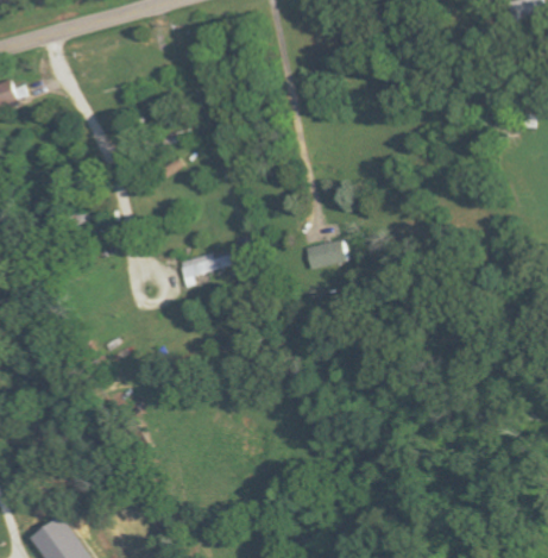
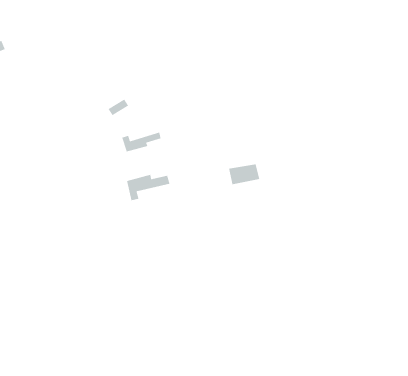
building: none -> [121,132,161,153]

